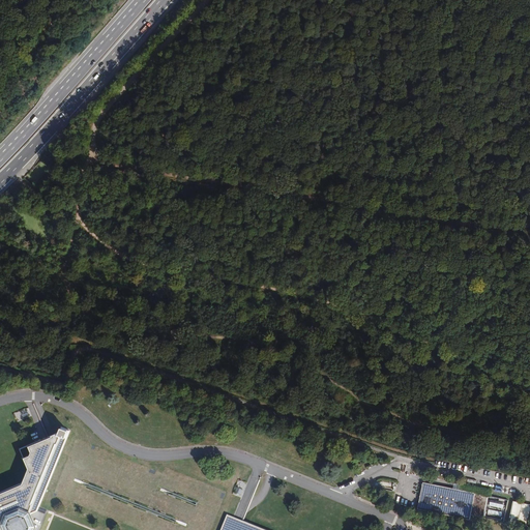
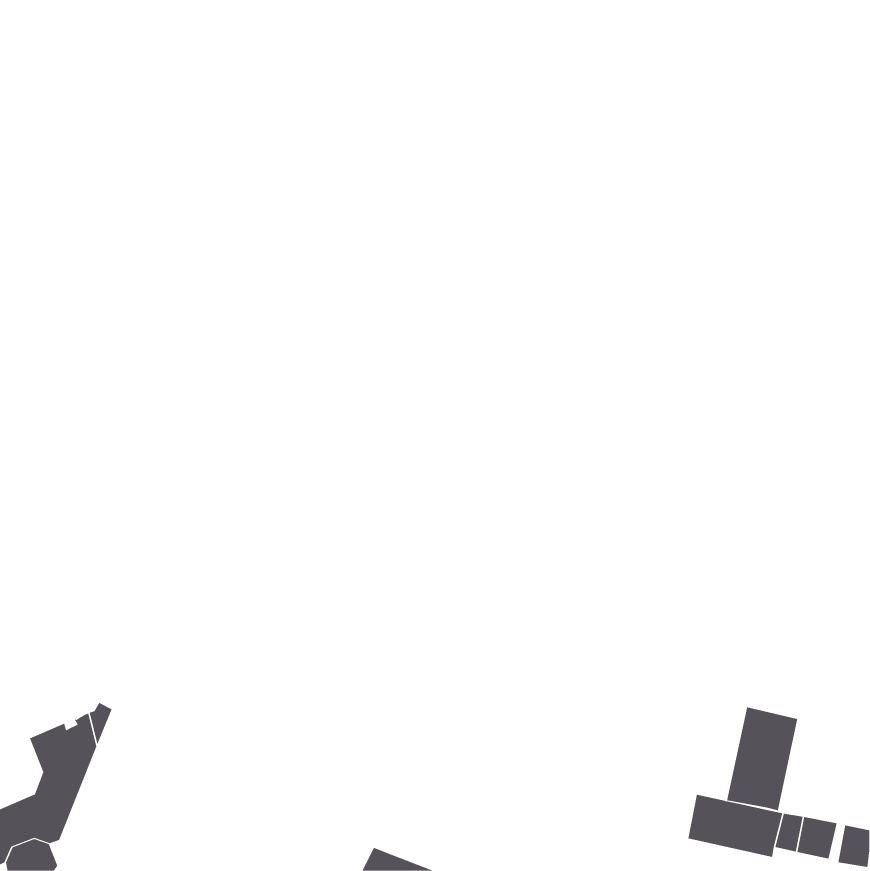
building: none -> [726,706,798,811]

